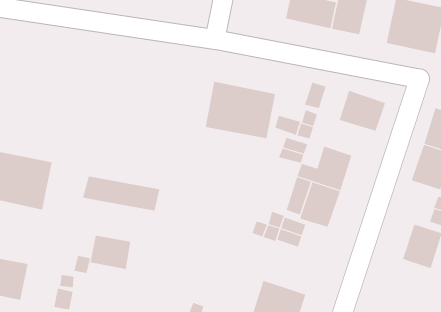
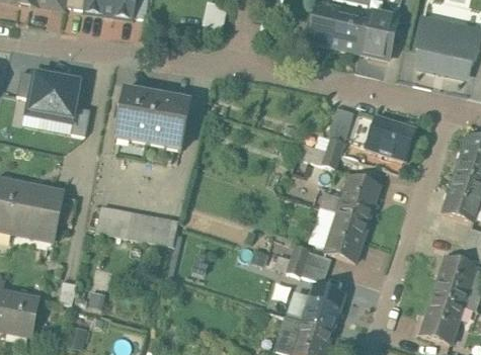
building: none -> [26,68,83,119]
building: [205,81,276,139] -> [114,88,189,149]
building: [90,235,131,270] -> none
building: none -> [302,284,344,332]
building: none -> [420,294,463,343]

